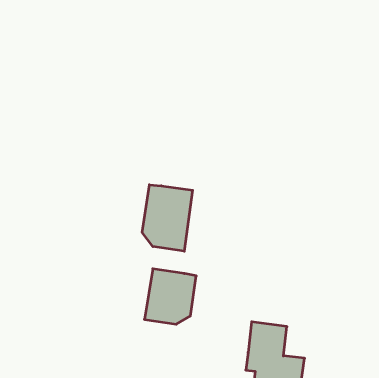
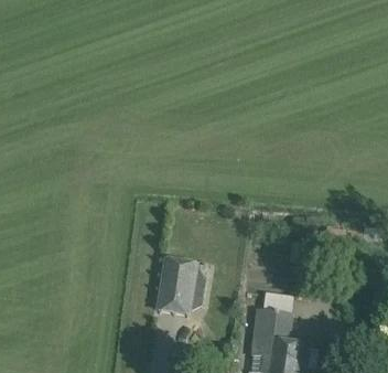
building: [142,185,193,251] -> none

